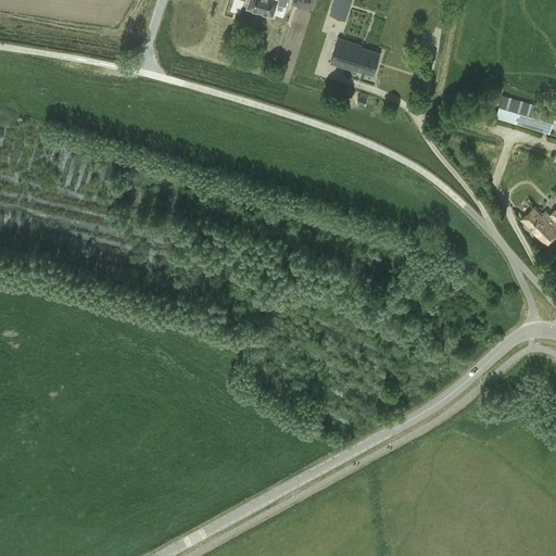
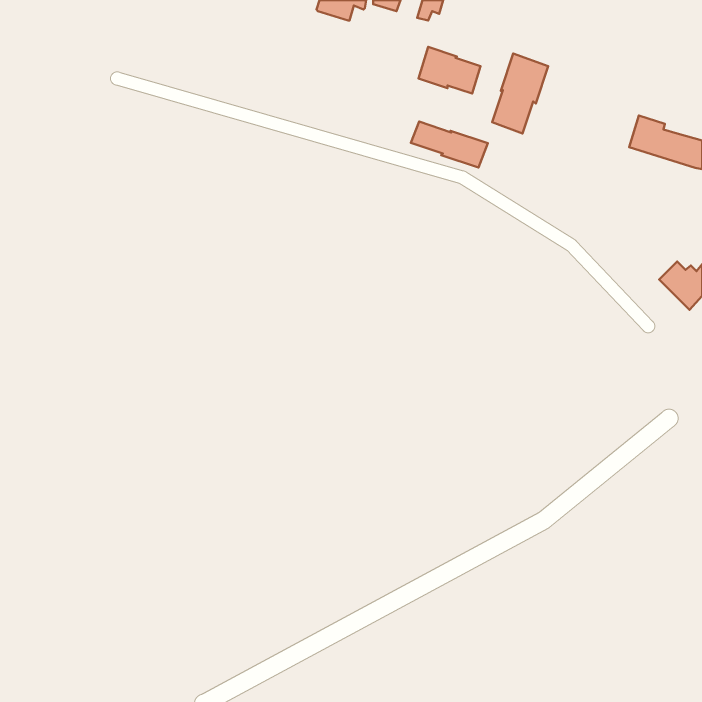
building: none -> [492,53,548,134]
building: none -> [411,122,488,168]

